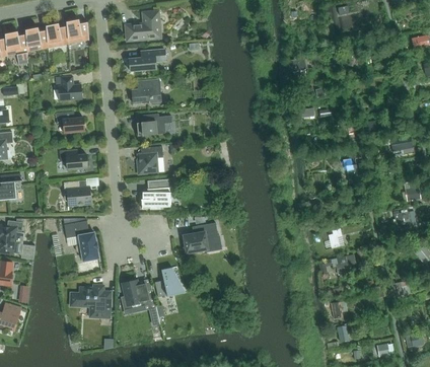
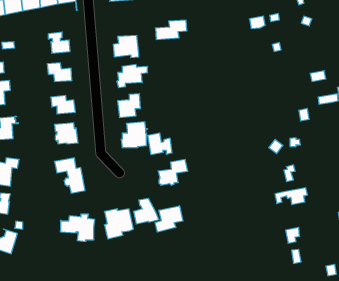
building: [129,49,165,71] -> [155,20,187,40]
building: none -> [148,133,172,155]
building: none -> [155,206,183,232]

